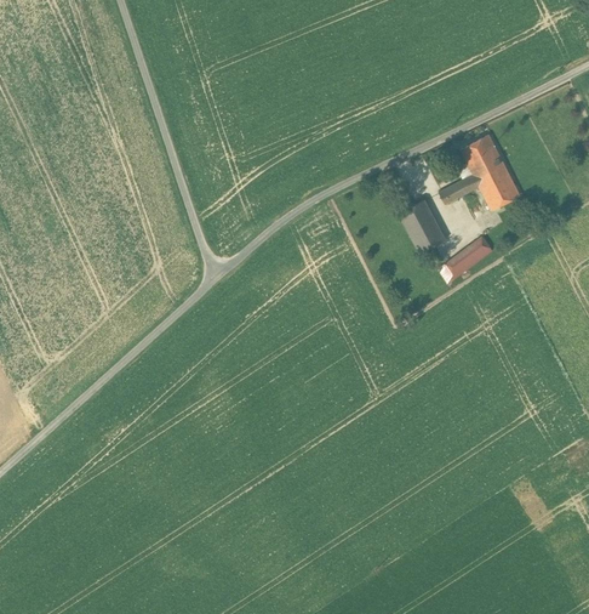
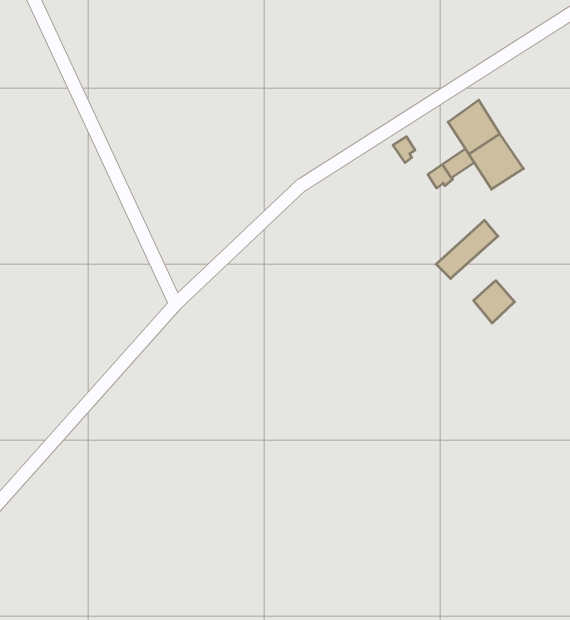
building: [399,199,445,252] -> none
building: none -> [474,281,515,323]

